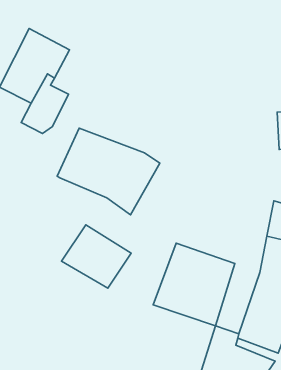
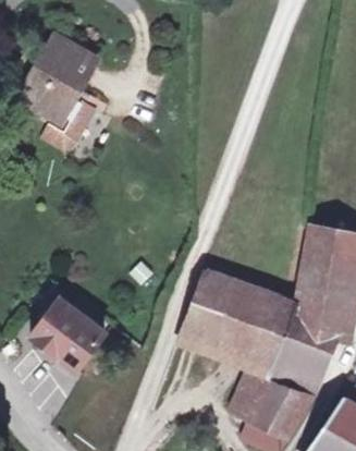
building: [57,128,160,215] -> none
building: [62,225,131,288] -> [34,305,109,374]
building: none -> [249,292,297,368]

